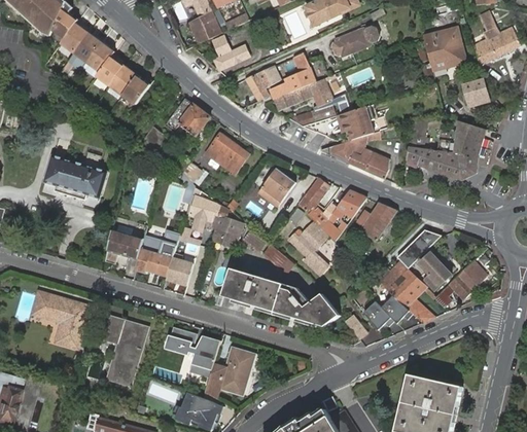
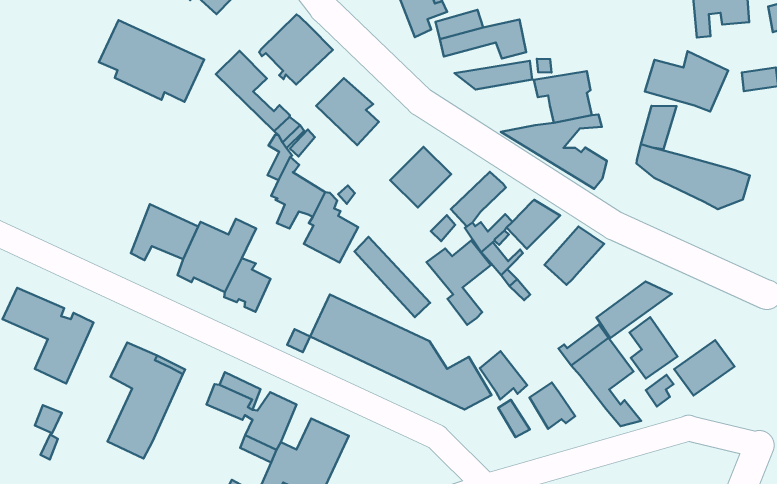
building: [436,120,486,155] -> [645,51,728,111]
building: [42,154,107,200] -> [99,20,204,102]
building: [381,294,412,324] -> [480,351,527,399]

